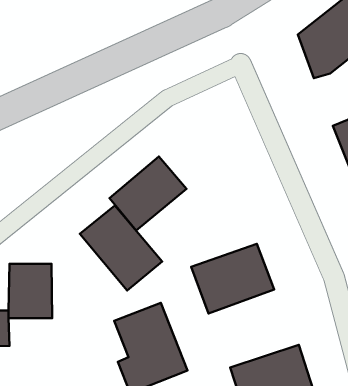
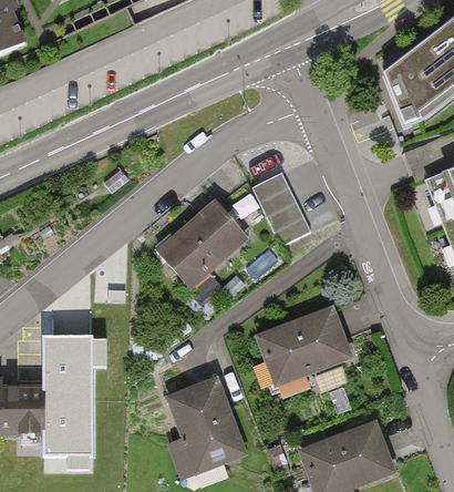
building: none -> [247,166,307,240]
building: [80,206,162,290] -> none
building: none -> [43,396,94,452]

